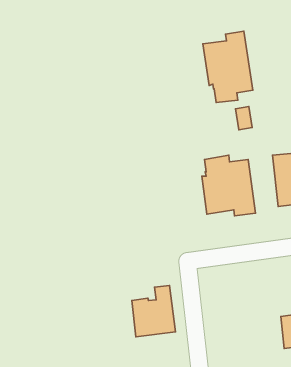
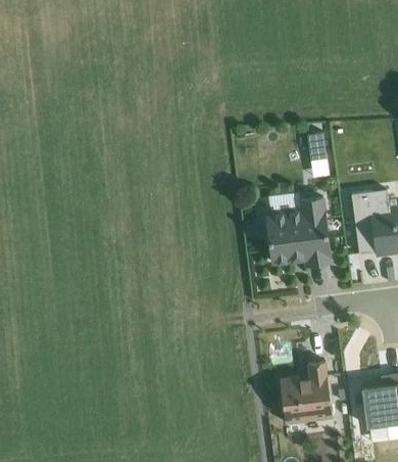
building: [203,31,253,103] -> none
building: [132,285,175,337] -> [279,361,332,423]

